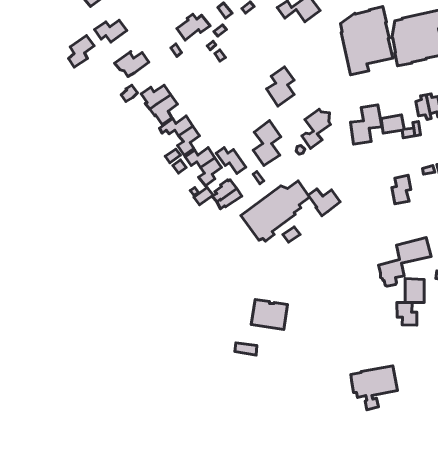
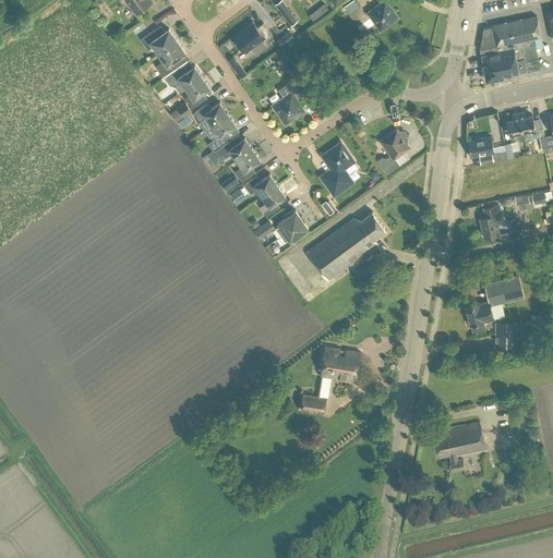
building: [340,7,393,75] -> none
building: [68,35,94,67] -> [156,40,185,76]
building: none -> [184,76,209,109]
building: [266,67,294,106] -> [272,80,303,124]
building: [351,105,382,144] -> none
building: [216,148,246,173] -> none
building: [308,189,340,216] -> none
building: [397,303,417,325] -> none

